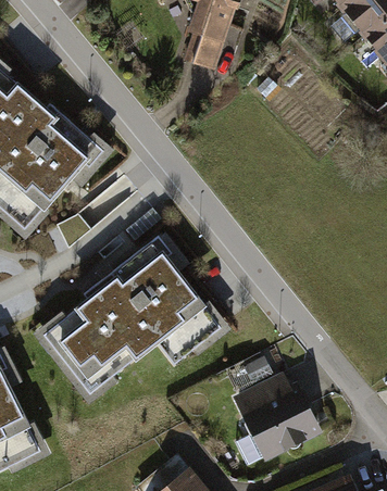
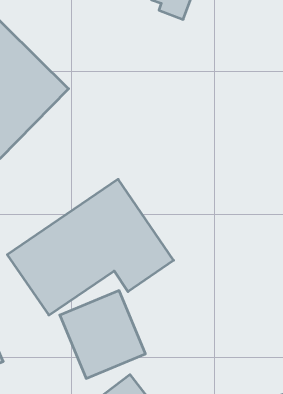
building: [228,363,324,461] -> [60,291,145,378]

